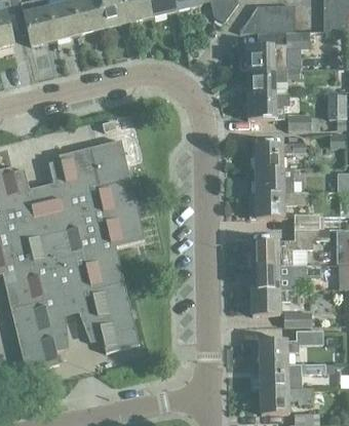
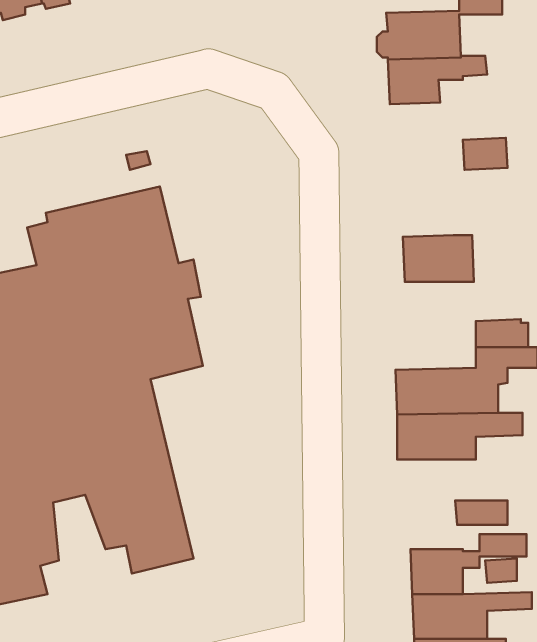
building: [247,93,289,119] -> none
building: [255,142,305,167] -> none
building: [249,191,307,218] -> none
building: [251,289,290,315] -> none

